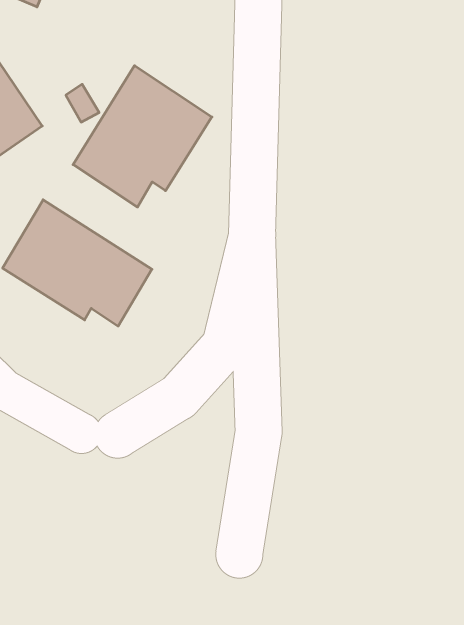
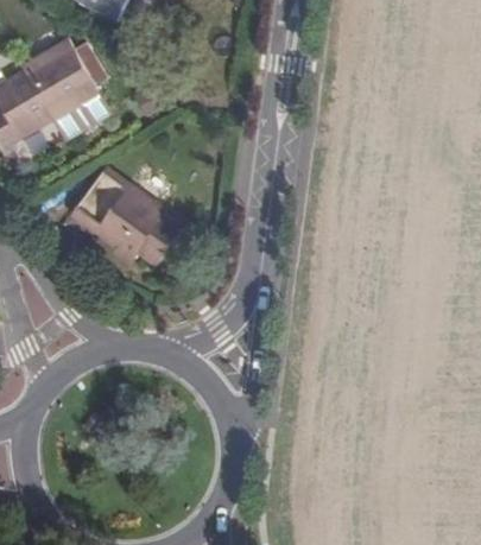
building: [73,66,212,207] -> none

